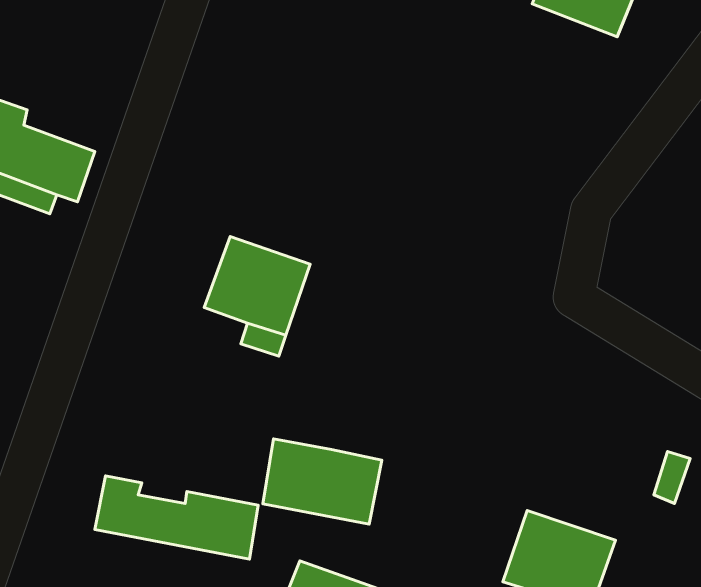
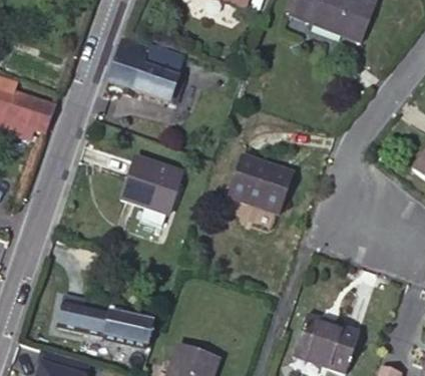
building: none -> [108,37,182,98]
building: none -> [228,152,293,212]
building: [263,439,382,524] -> none

